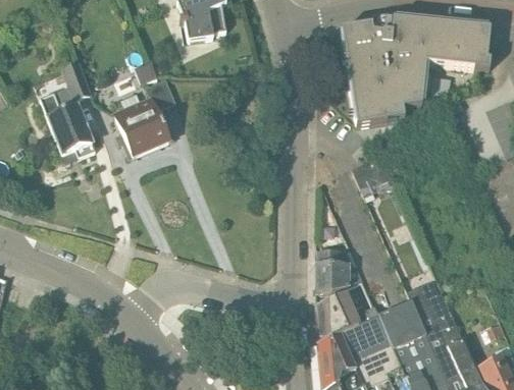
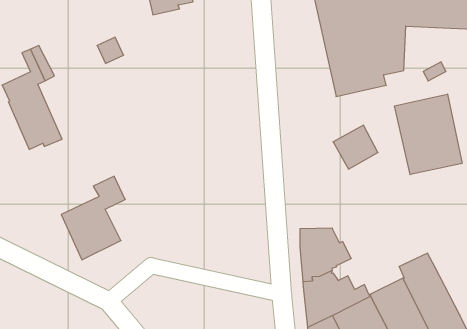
building: [115,77,176,155] -> [61,176,125,260]
building: none -> [395,94,462,175]

